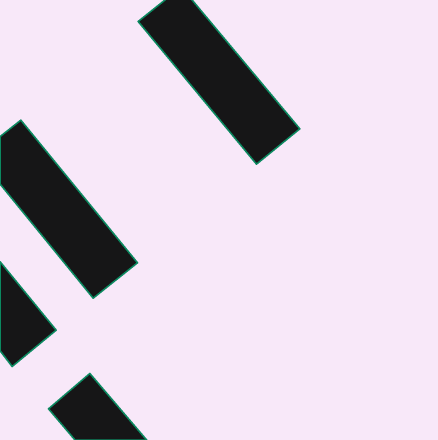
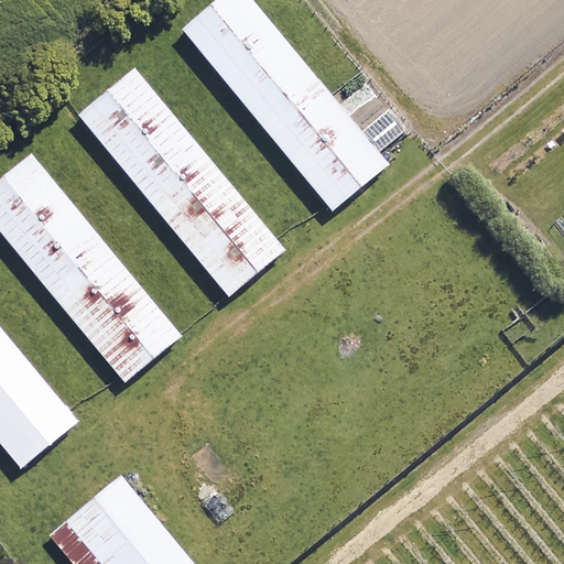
building: none -> [78,69,282,295]

